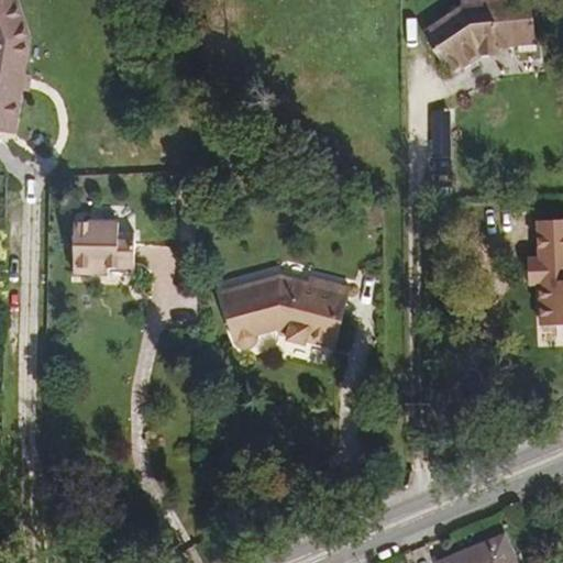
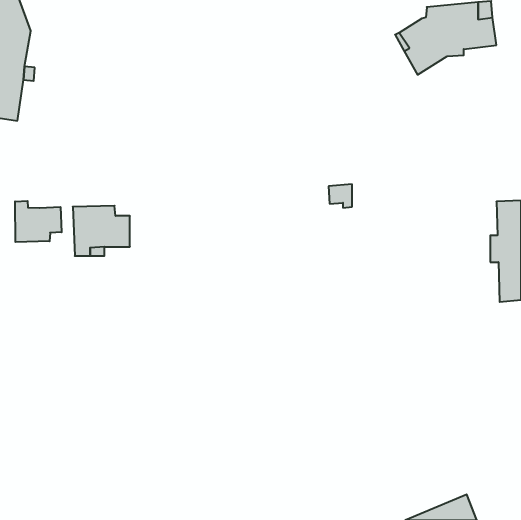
building: none -> [15,201,62,242]
building: [217,272,346,343] -> none

